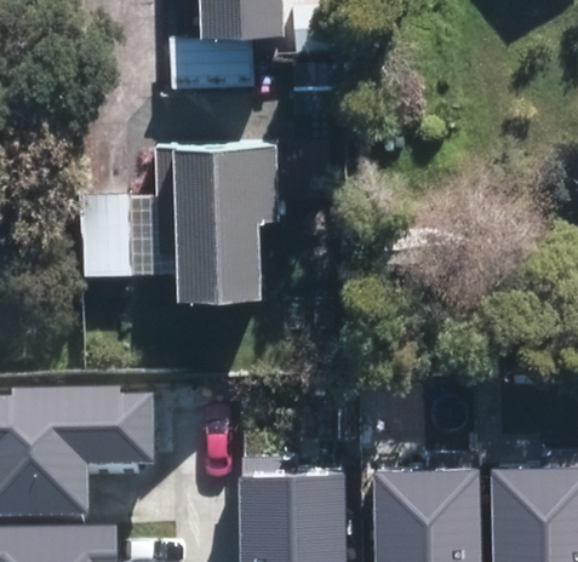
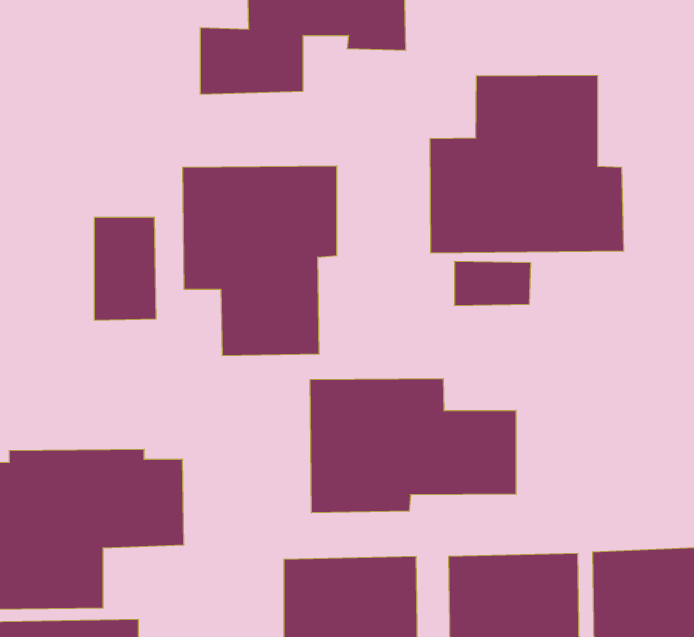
building: none -> [430,75,623,253]
building: none -> [310,379,516,513]

